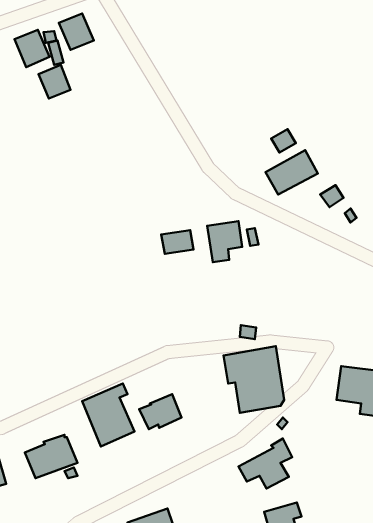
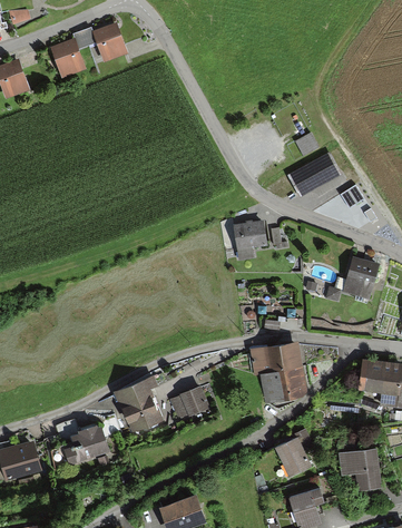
building: [39,65,70,98] -> none
building: [161,230,194,254] -> none
building: none -> [327,256,379,301]
building: none -> [340,449,382,490]

